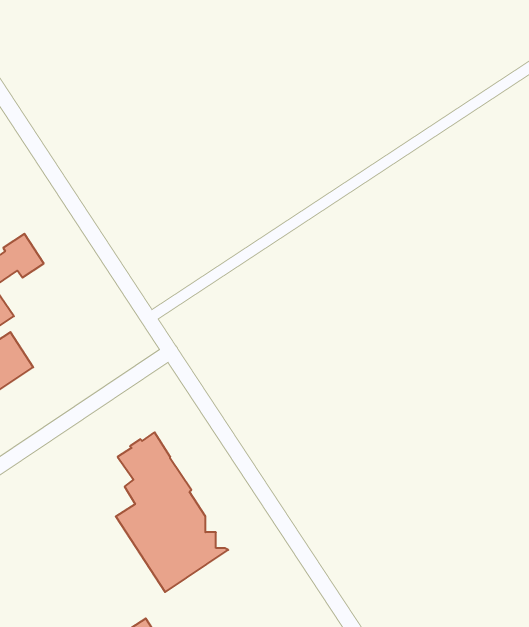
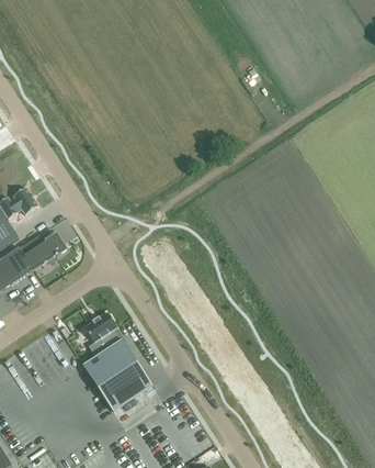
building: none -> [16,231,65,269]

